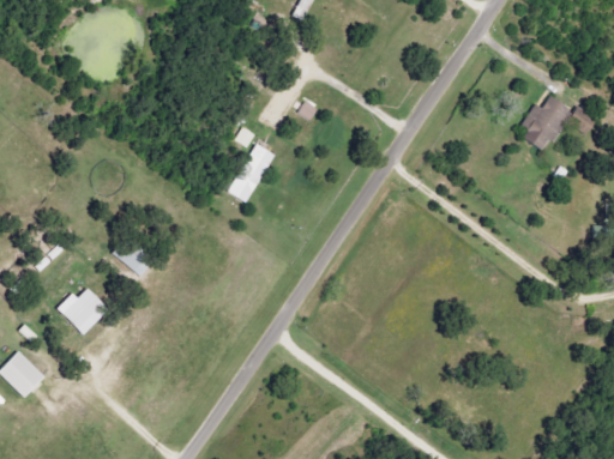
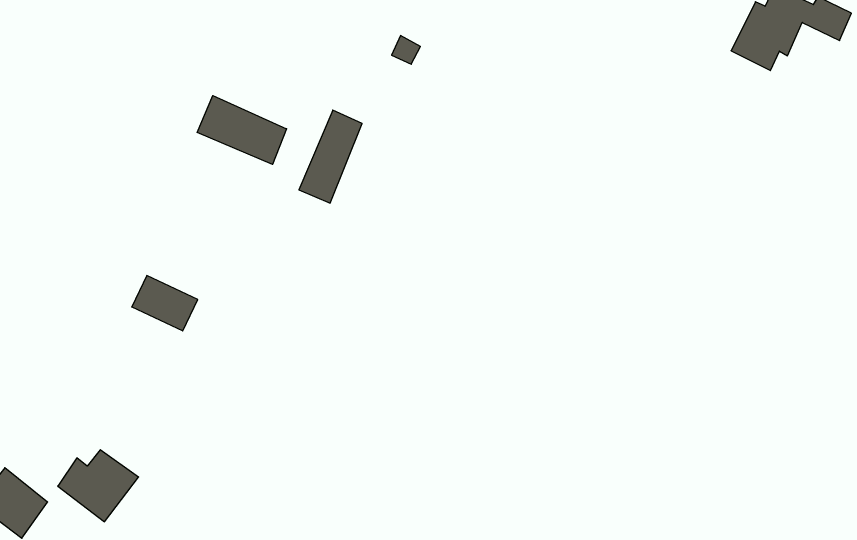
building: none -> [197,96,287,164]
building: [56,288,109,334] -> [58,450,139,522]

